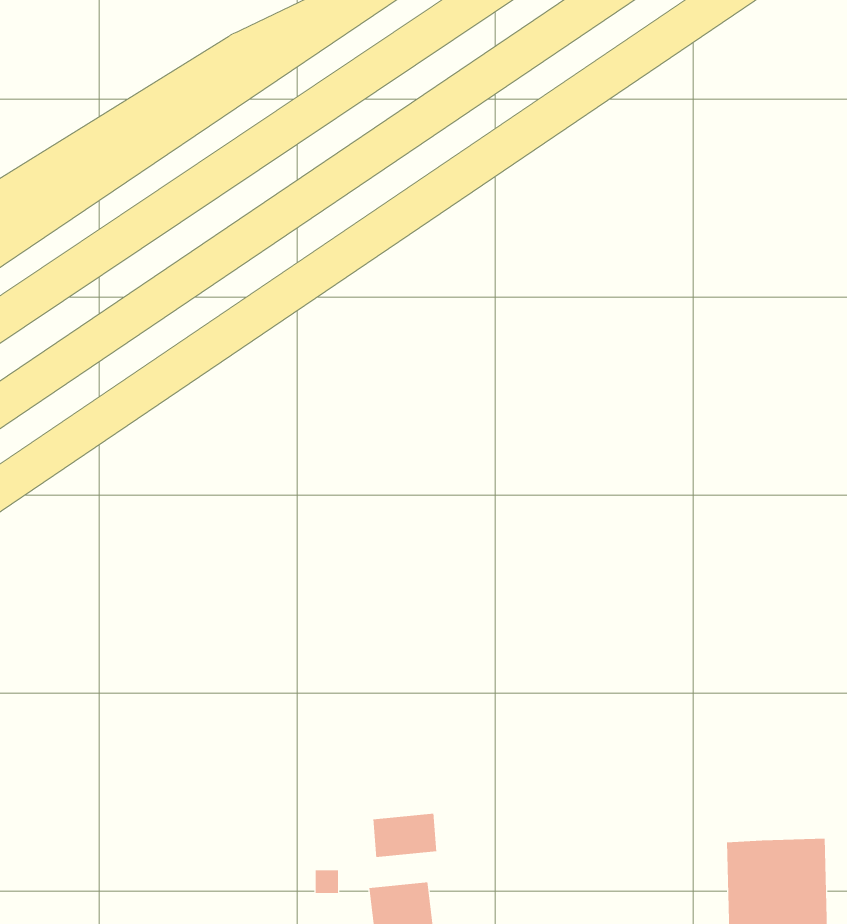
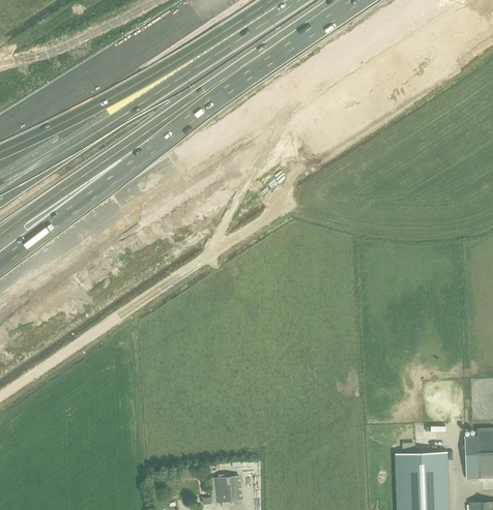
building: [373,813,437,858] -> none

